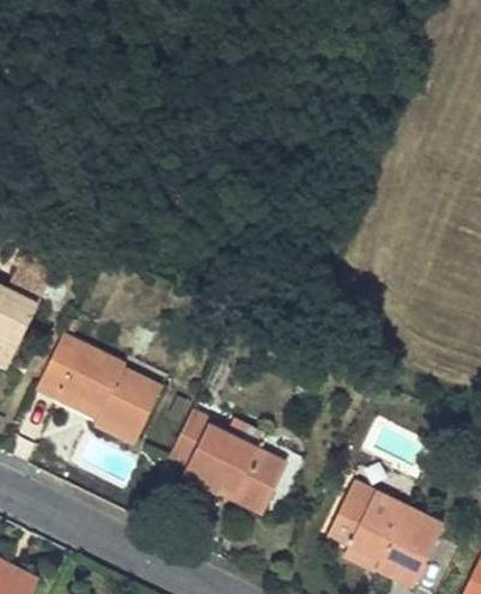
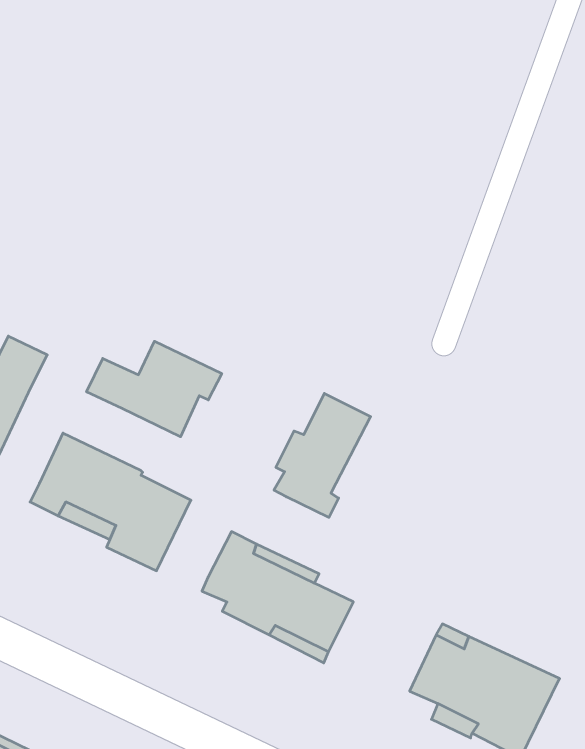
building: none -> [87,341,222,437]
building: none -> [274,393,371,517]

